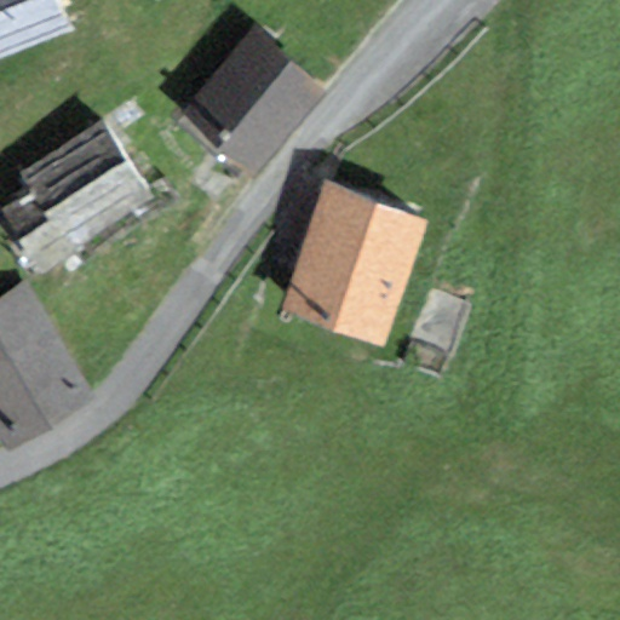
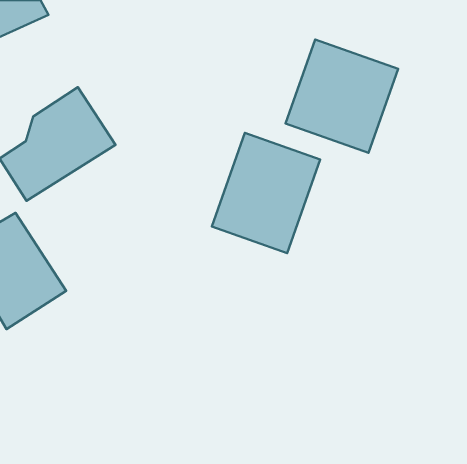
building: [182,28,321,170] -> none
building: none -> [286,40,398,153]

